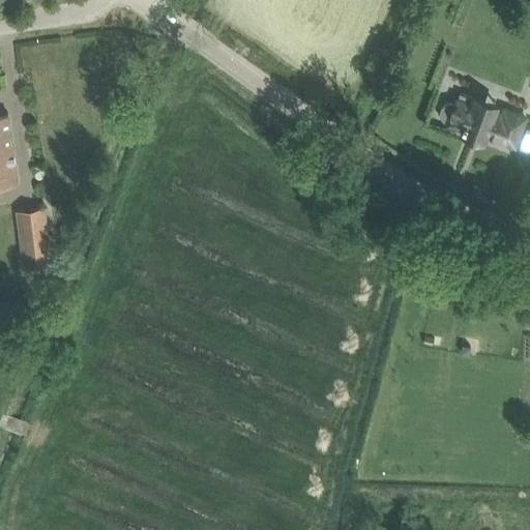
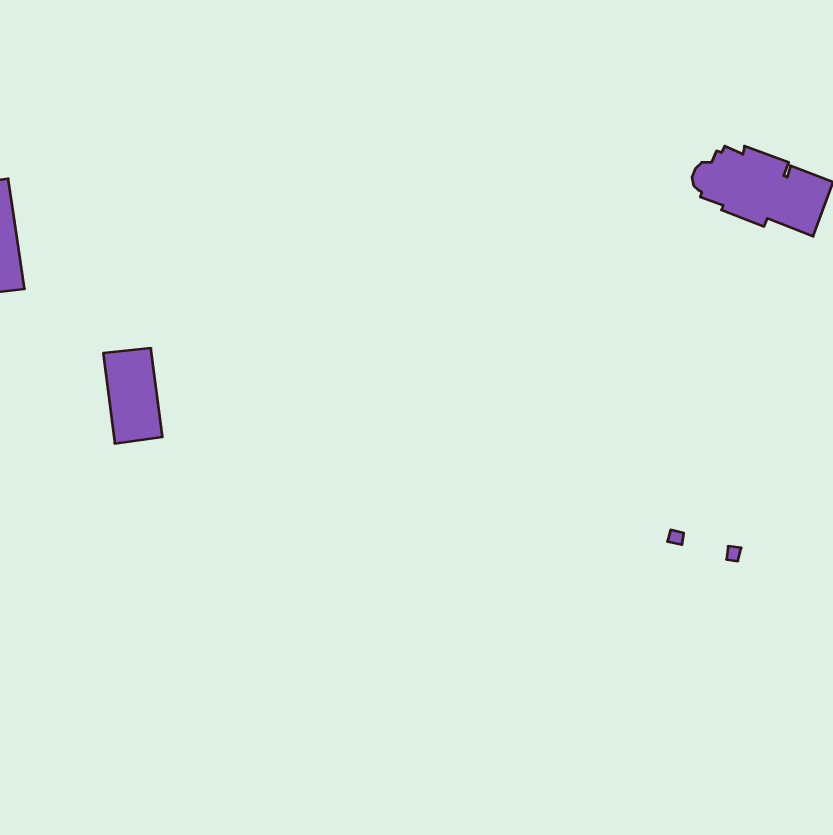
building: [12,209,50,269] -> [103,348,162,443]

